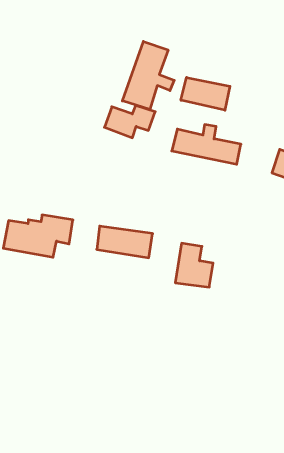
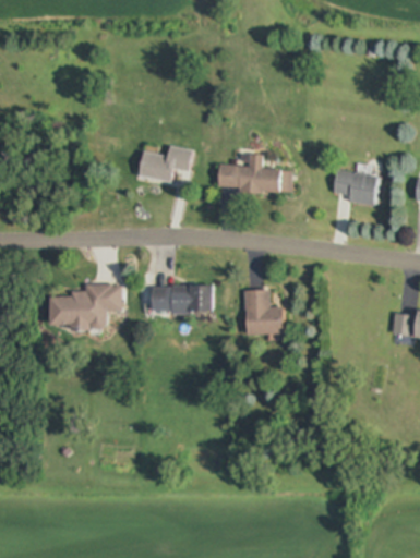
building: [122,41,174,110] -> none
building: [181,77,230,110] -> none

